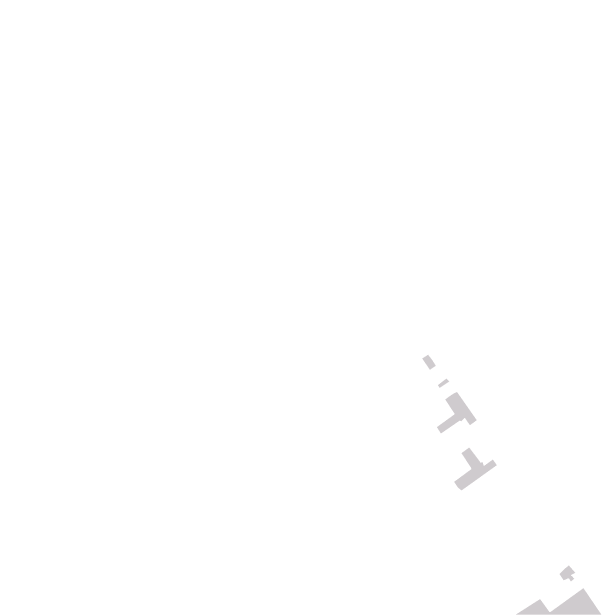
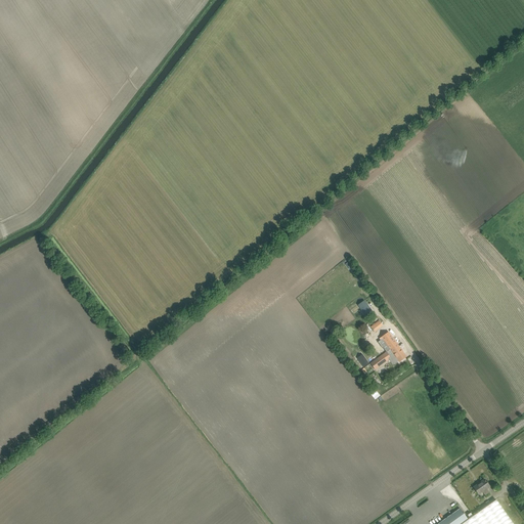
building: [453,446,498,491] -> none

